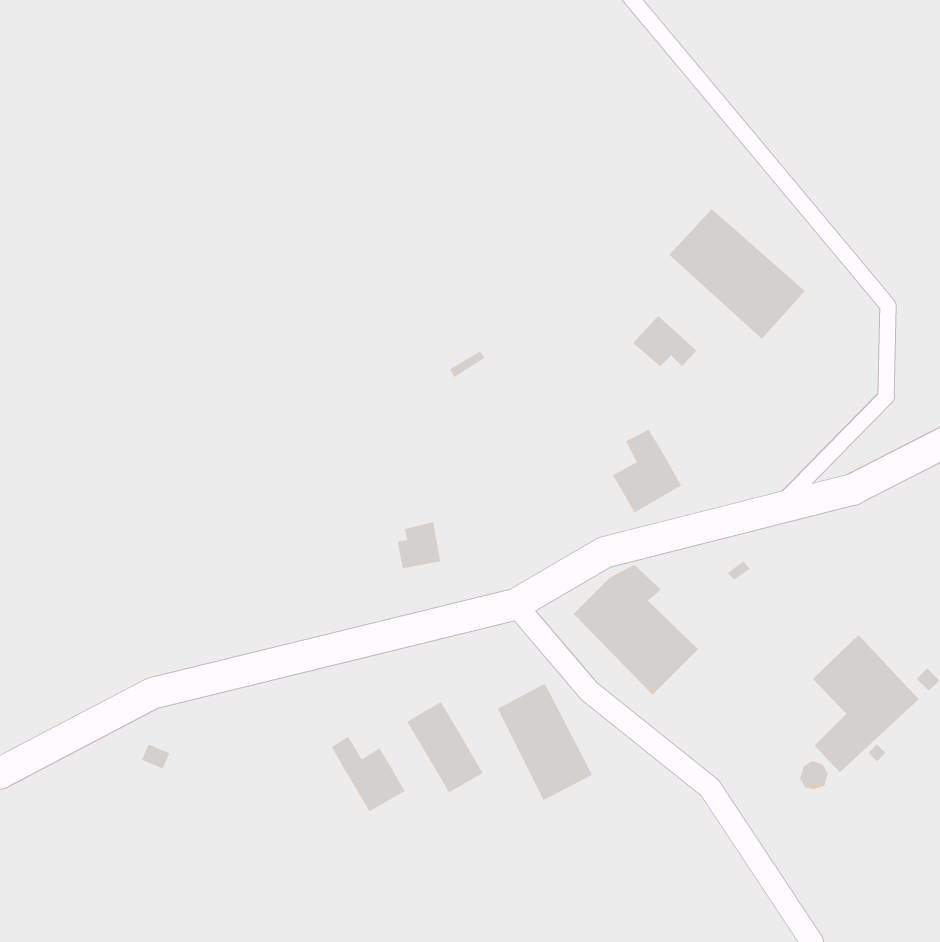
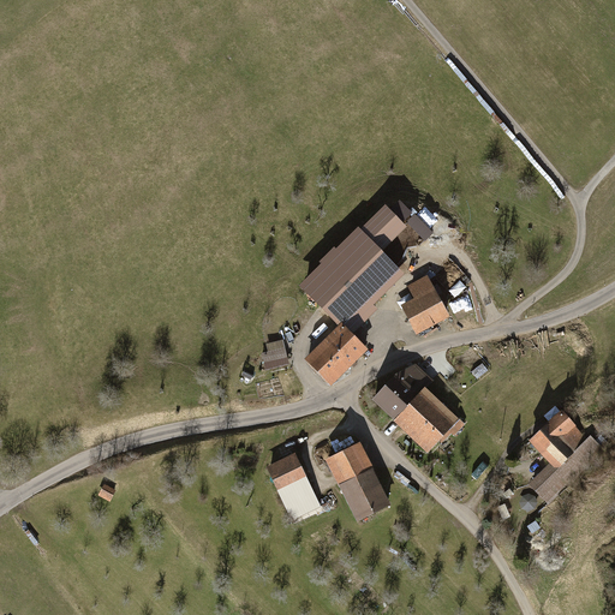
building: [668,208,806,339] -> none
building: none -> [298,204,405,384]
building: [331,736,406,813] -> none

